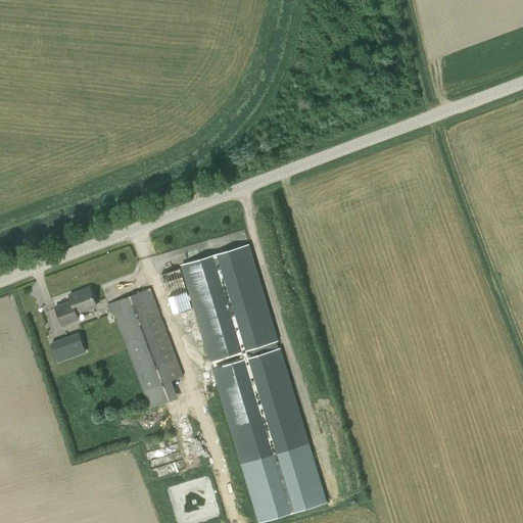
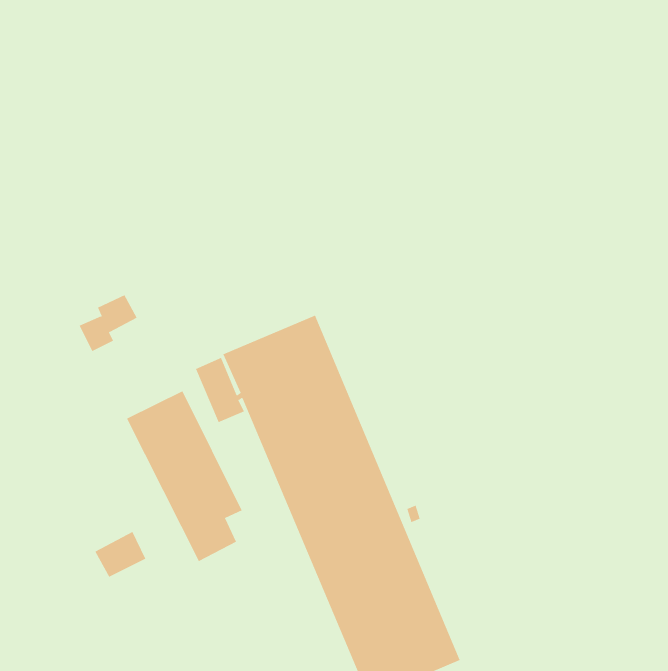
building: [54,288,96,326] -> [79,294,137,352]
building: [49,332,85,363] -> [94,531,146,578]

